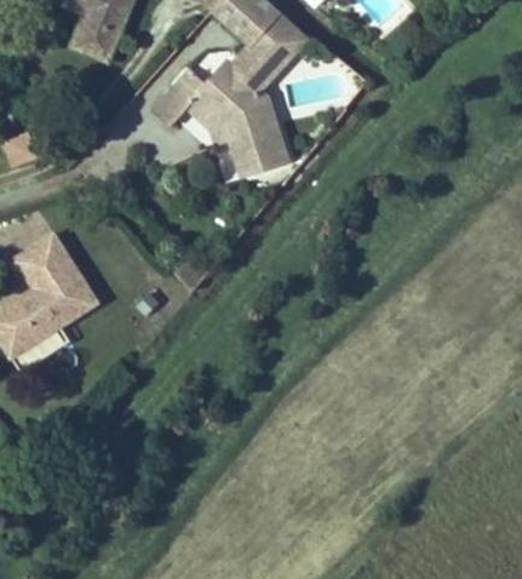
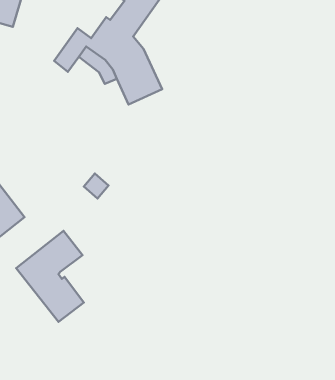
building: none -> [16,231,84,322]

